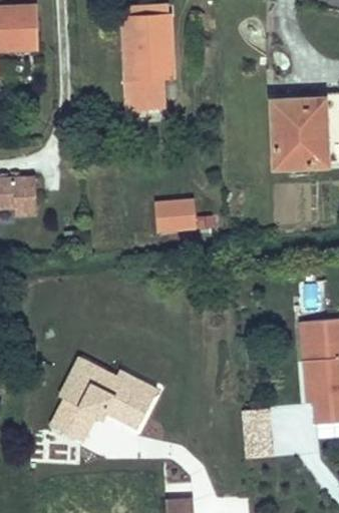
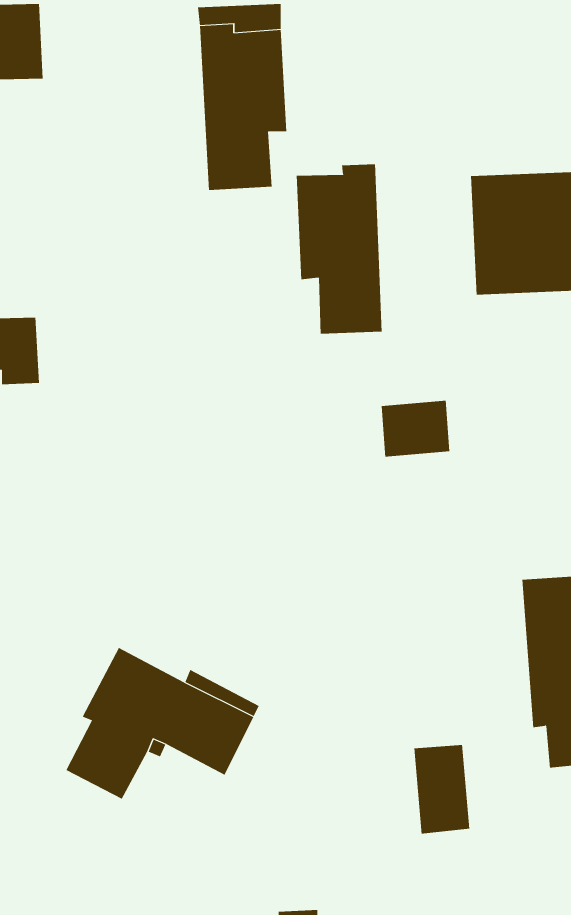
building: none -> [296,163,382,335]
building: [155,199,194,230] -> [381,400,450,457]

